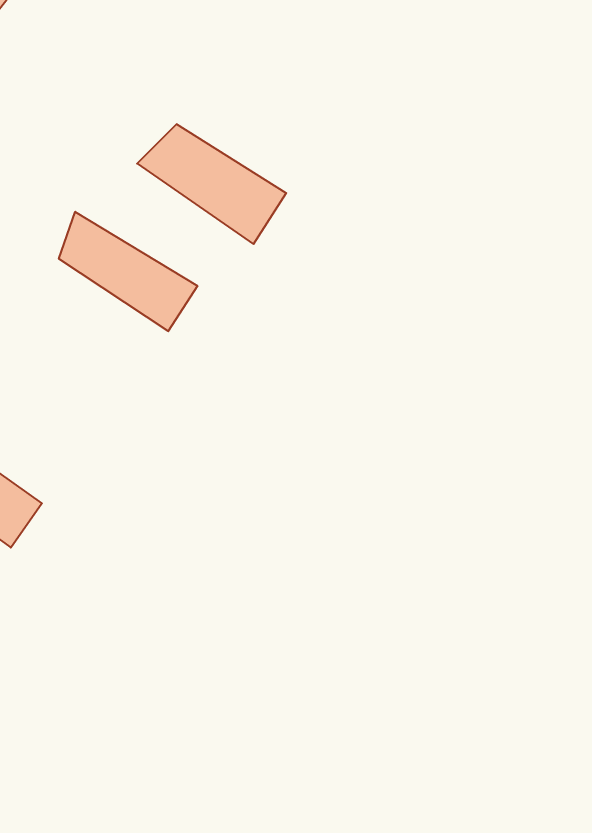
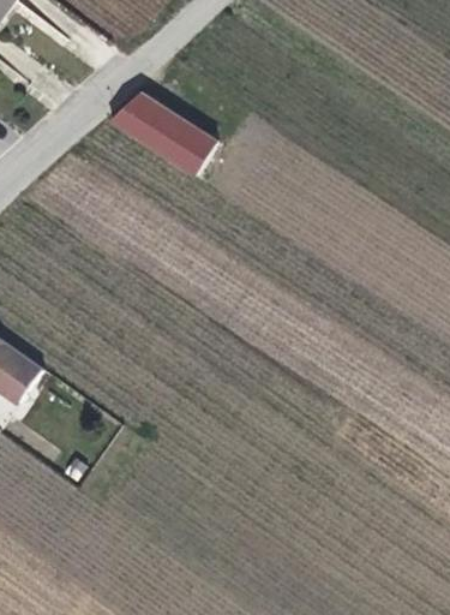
building: [59,212,197,331] -> none

